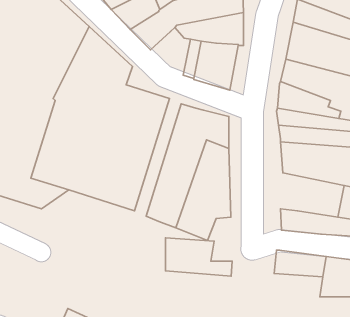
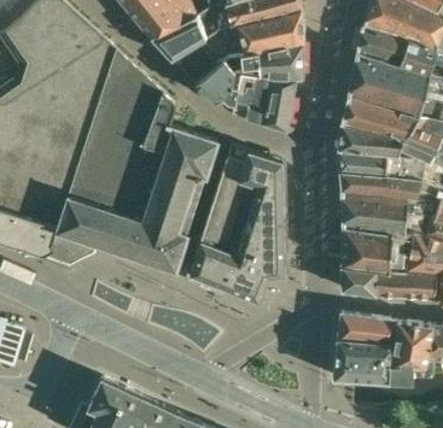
building: none -> [196,60,241,115]
building: none -> [344,225,416,276]
building: [165,238,232,276] -> [337,340,413,383]

